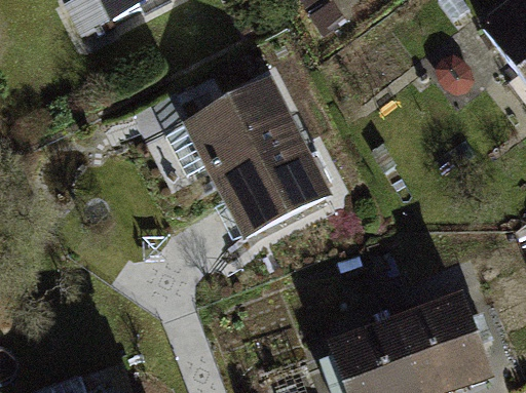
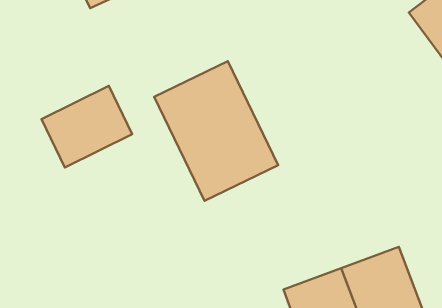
building: none -> [41,86,132,168]

